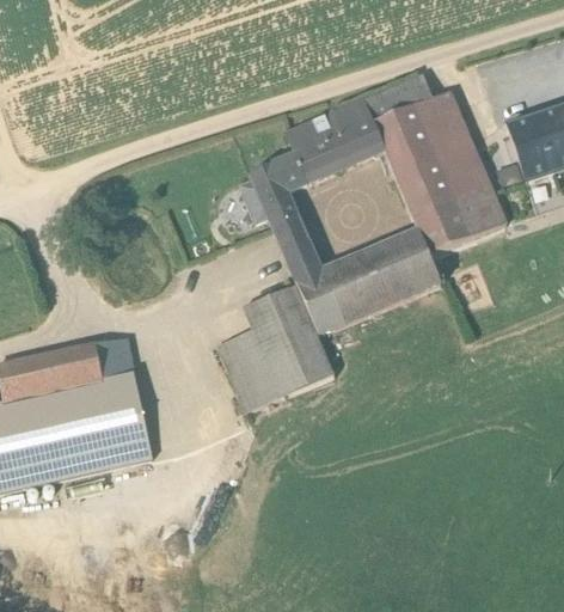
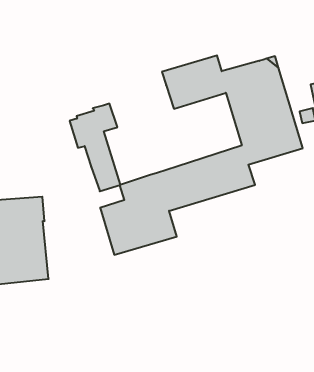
building: [363,72,433,121] -> none
building: [237,151,323,282] -> [70,104,121,191]

